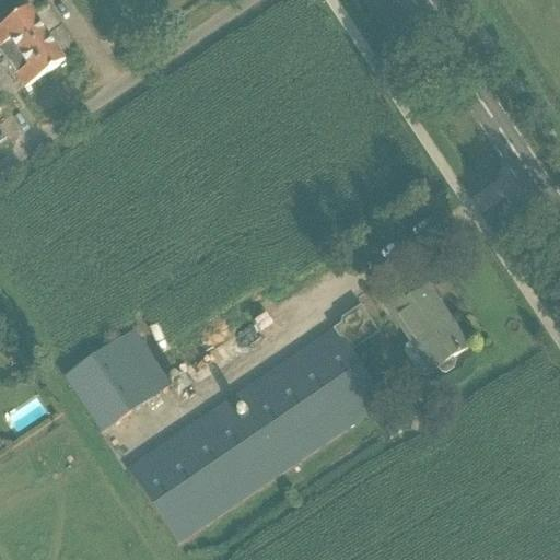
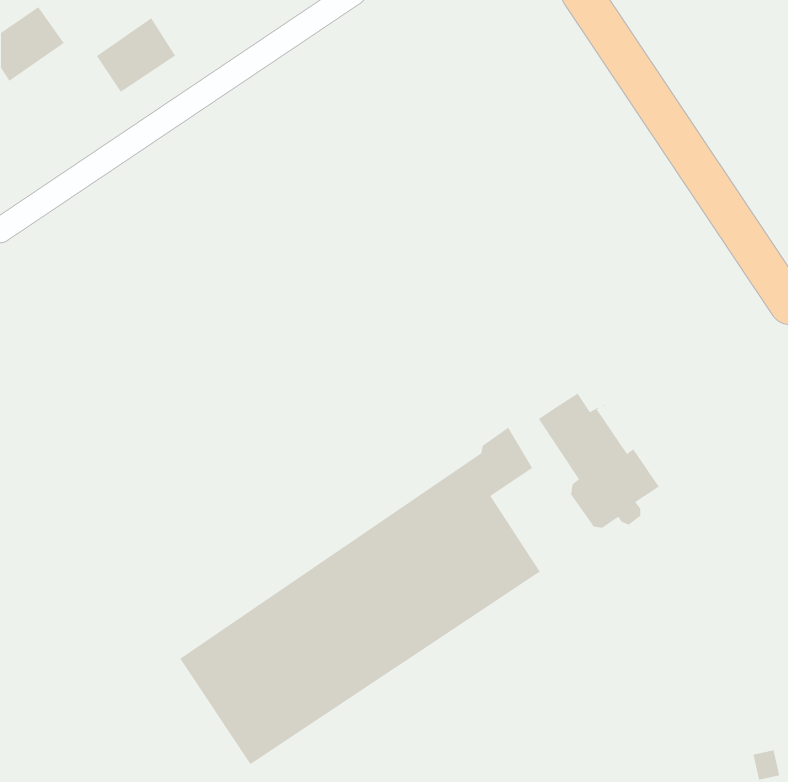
building: [8,31,65,84] -> [96,17,176,93]
building: [63,326,173,431] -> none

